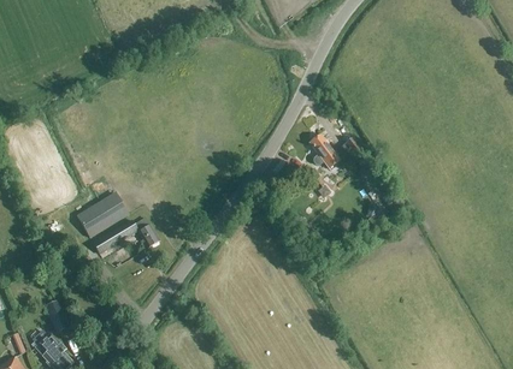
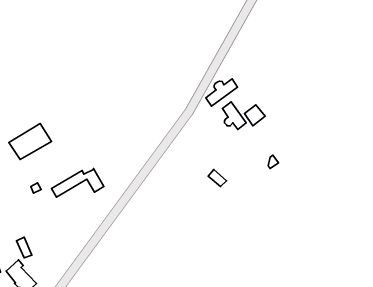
building: none -> [206,79,237,106]
building: [76,191,130,237] -> [9,123,52,159]

